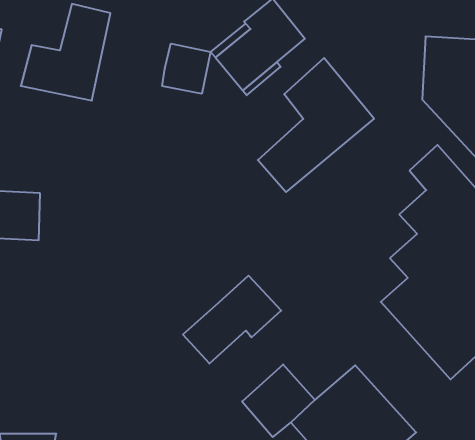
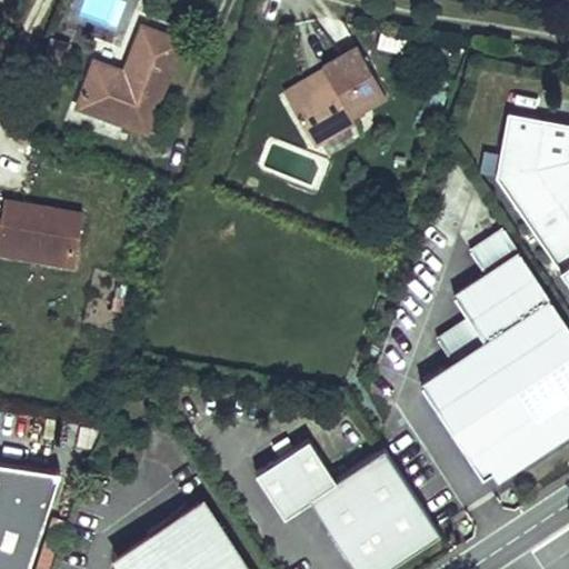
building: [162,44,211,94] -> none
building: [258,58,374,192] -> none
building: [183,276,281,364] -> none

